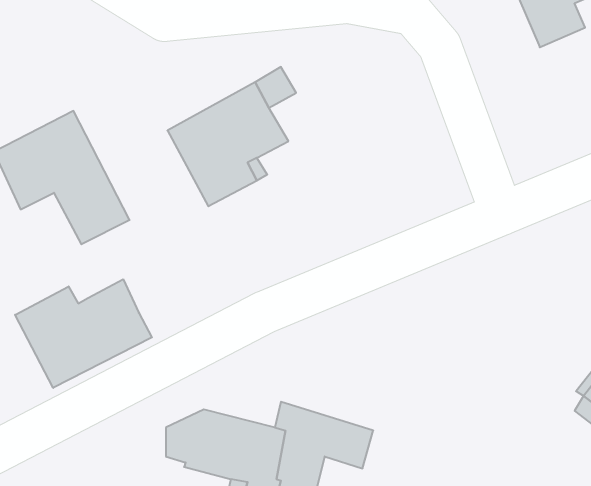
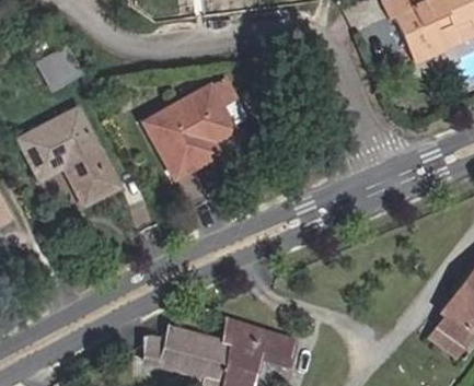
building: none -> [41,48,82,89]
building: [15,279,152,388] -> none

